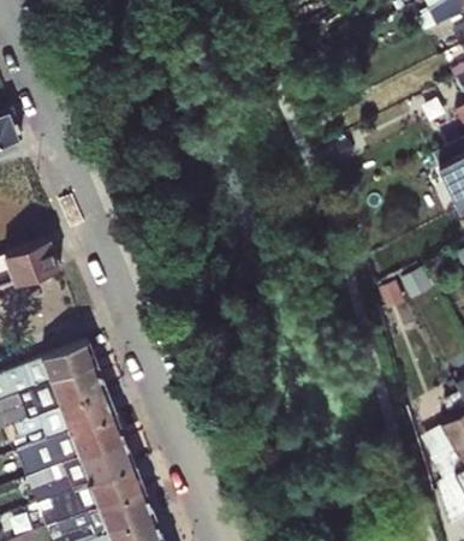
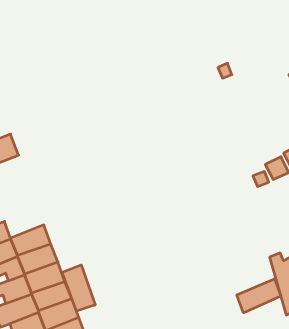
building: [42,339,96,380] -> none
building: none -> [62,265,95,311]
building: none -> [237,279,281,313]

